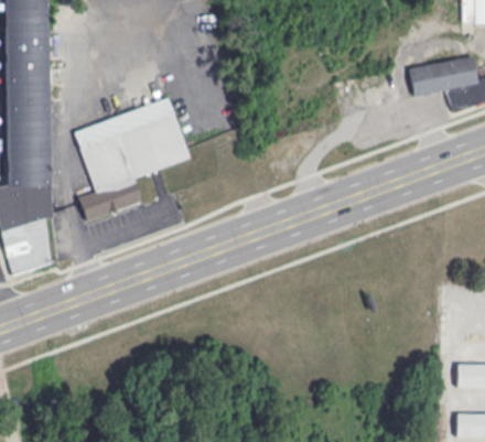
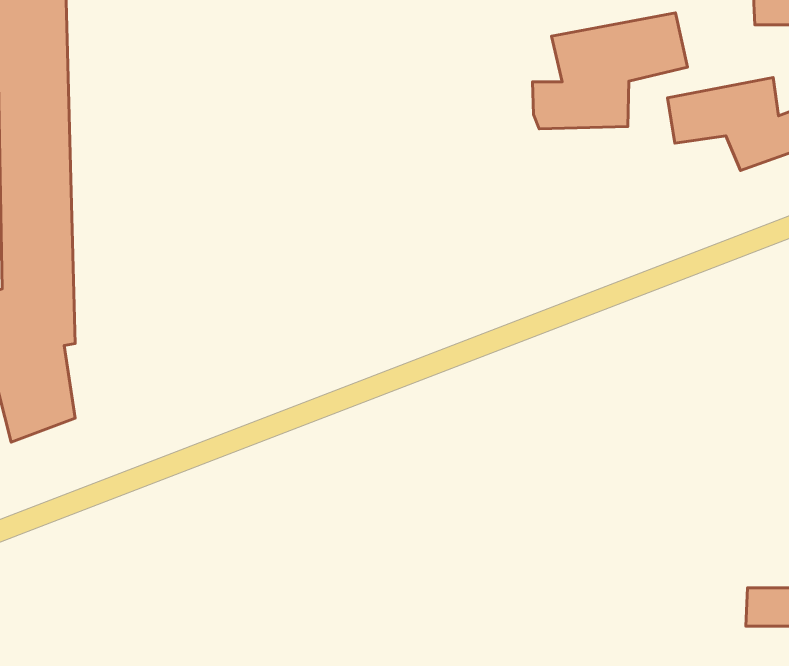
building: none -> [532,13,687,129]
building: [74,96,191,220] -> none

